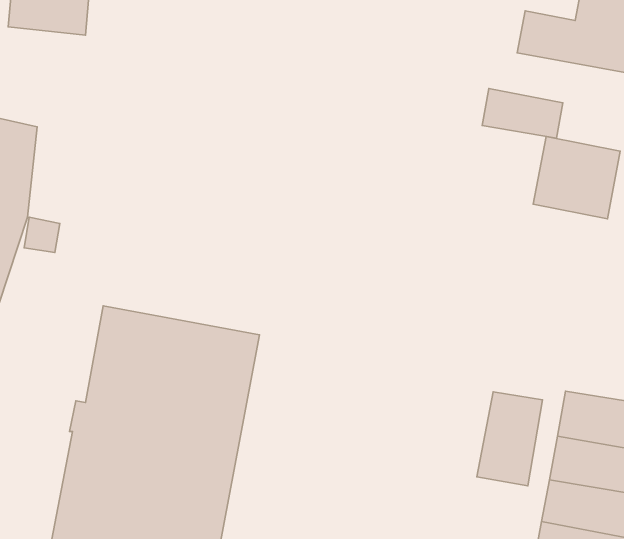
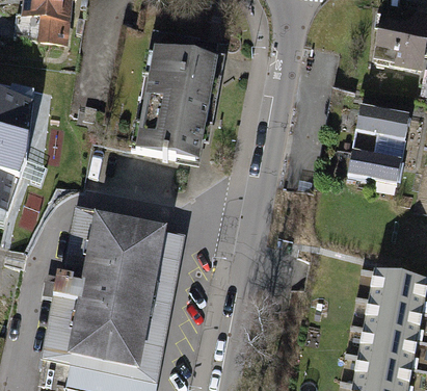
building: none -> [134,27,216,158]
building: [482,88,563,138] -> [351,148,403,180]
building: [477,392,542,486] -> none

